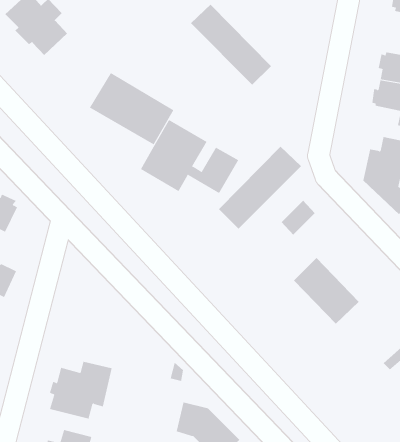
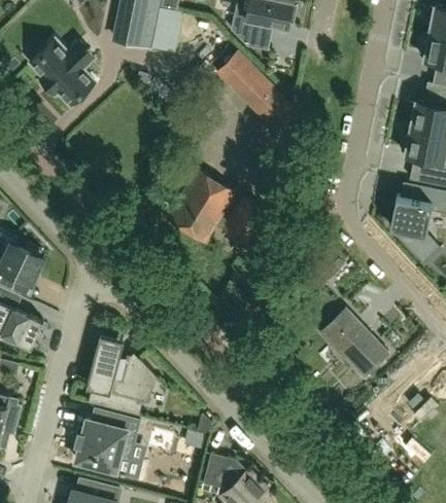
building: [89,72,174,145] -> none
building: [218,146,302,229] -> none
building: none -> [87,335,158,416]

